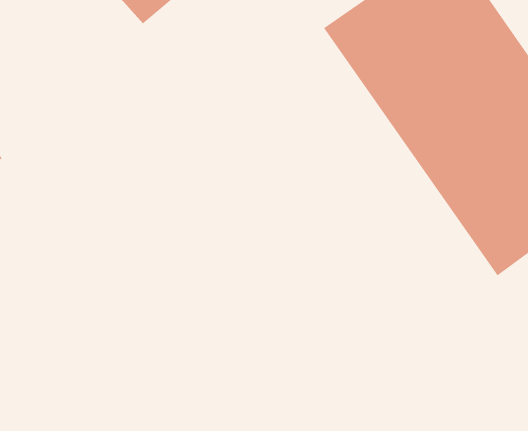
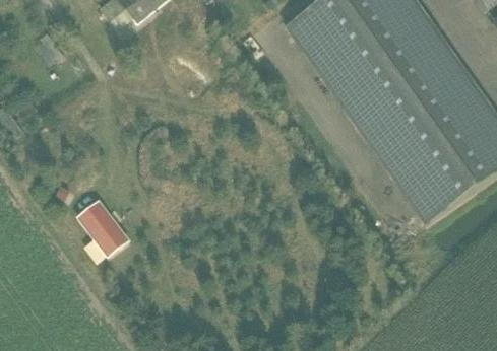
building: none -> [78,199,127,252]

